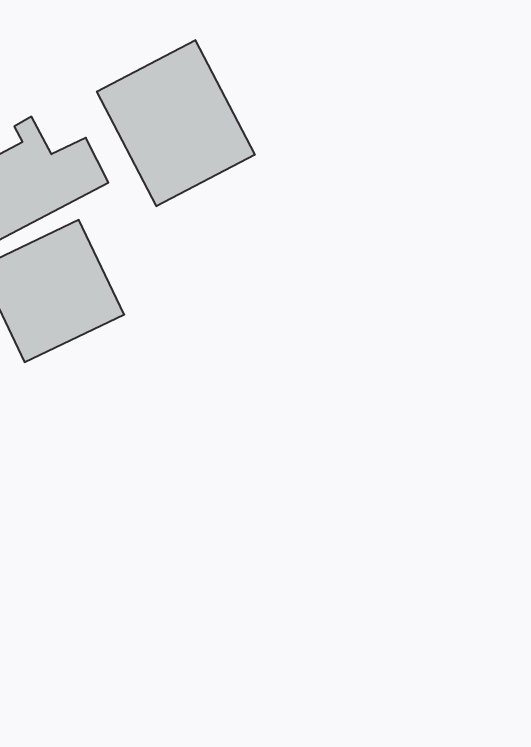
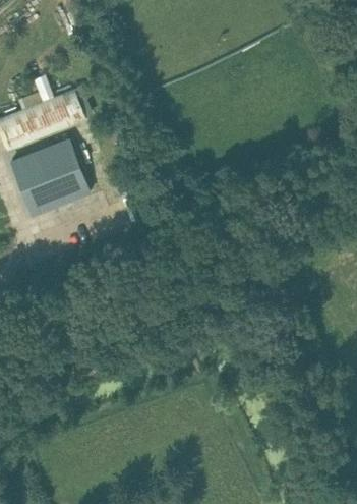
building: [97,40,255,206] -> none

